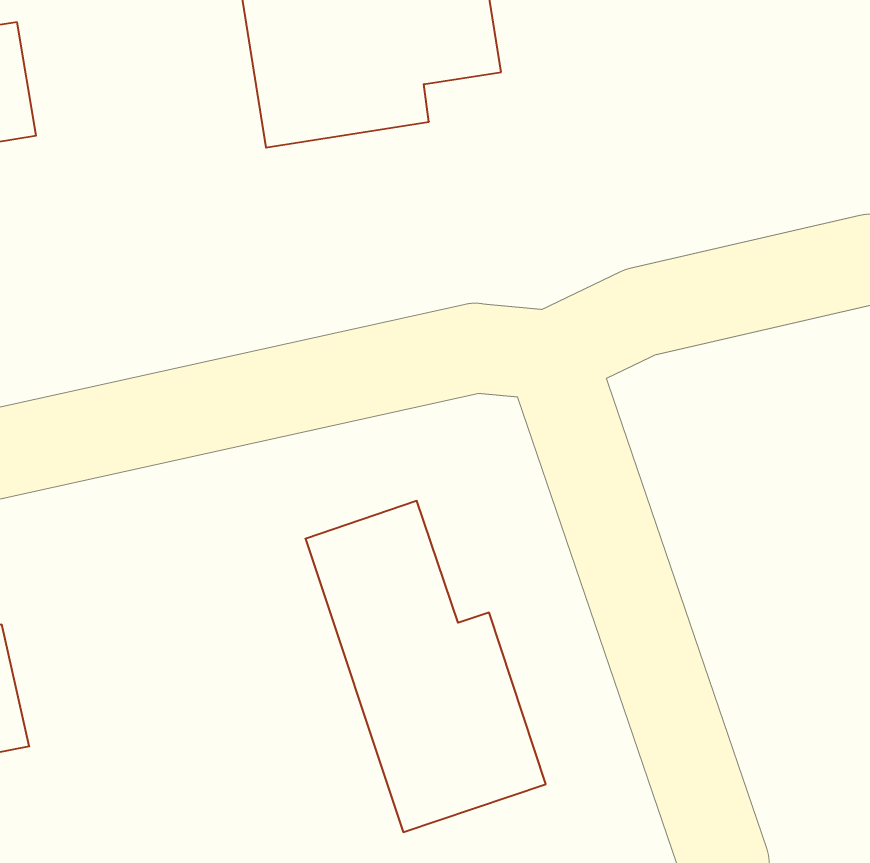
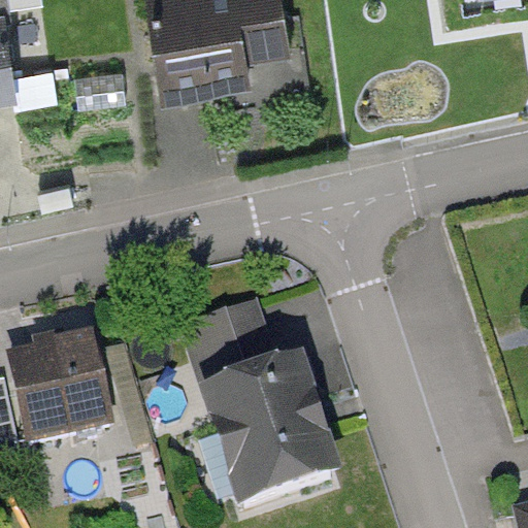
building: none -> [7,332,109,440]

